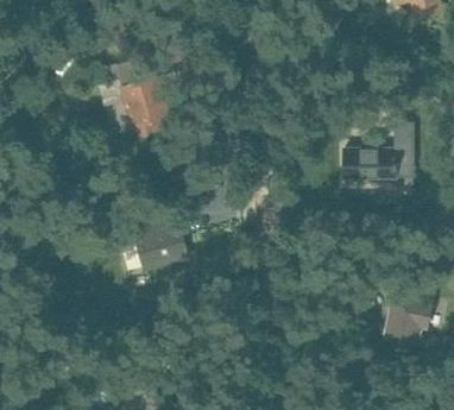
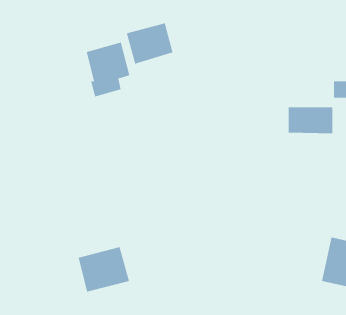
building: none -> [126,22,173,65]
building: [134,222,191,272] -> [78,247,130,292]

